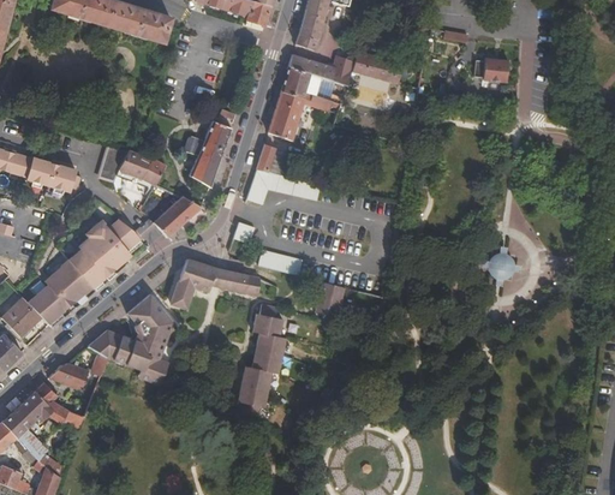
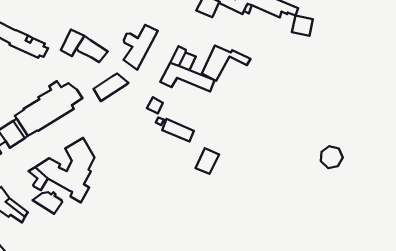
building: [480,56,507,82] -> [292,16,313,36]
building: [268,91,333,141] -> [202,46,250,81]
building: [169,260,261,309] -> none
building: [238,305,285,417] -> none
building: [48,362,90,392] -> [32,192,62,214]

